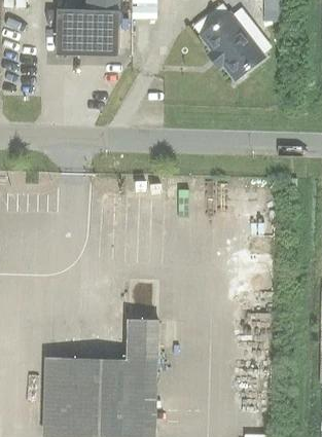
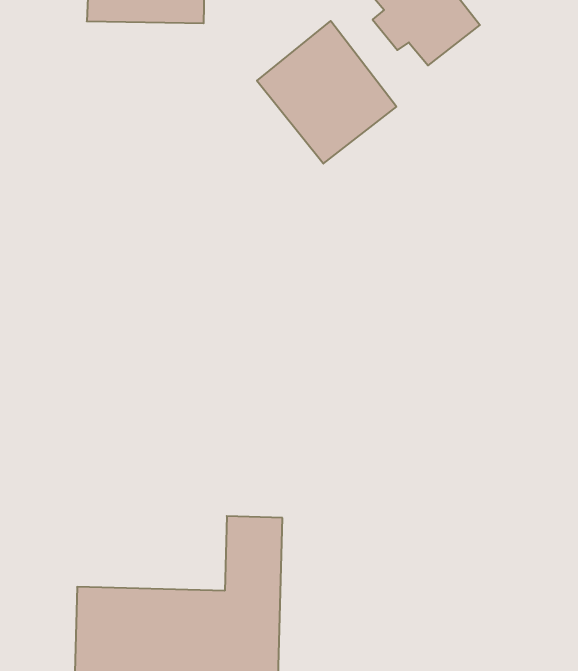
building: none -> [257,21,396,164]

